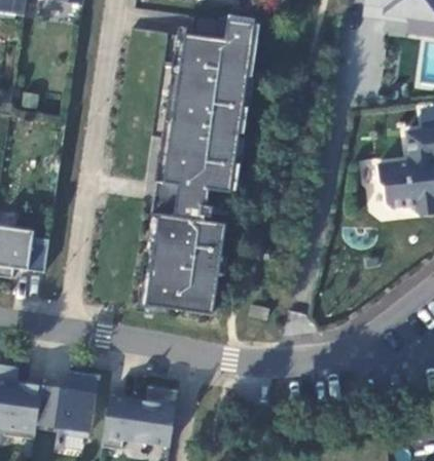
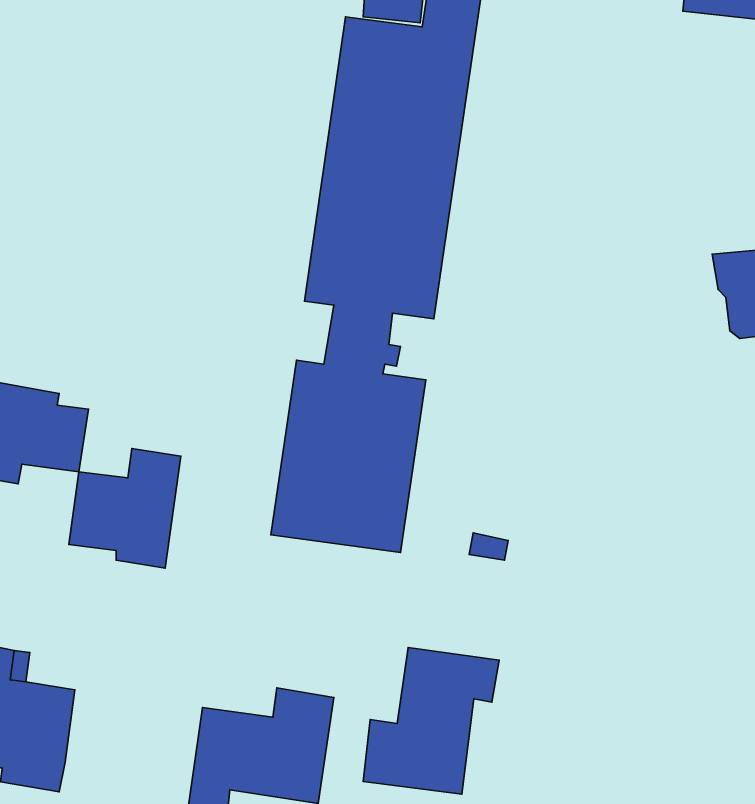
building: none -> [363,648,499,794]
building: [37,375,96,437] -> [69,448,181,568]

